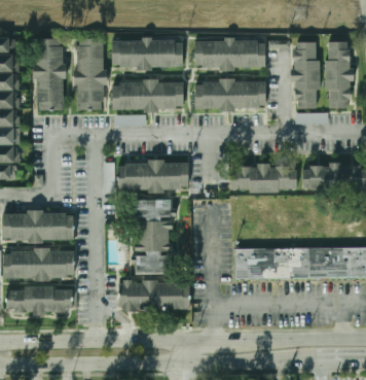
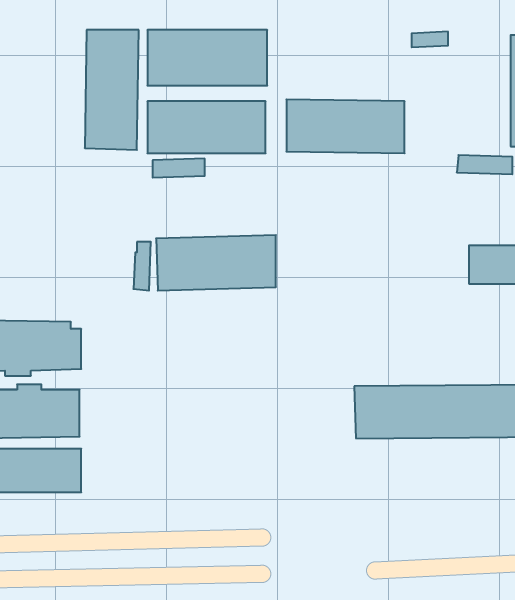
building: [194,38,264,70] -> none
building: [34,39,65,109] -> none
building: [293,42,318,108] -> none
building: [229,166,296,191] -> none
building: [134,199,173,273] -> none
building: [118,280,189,312] -> none

